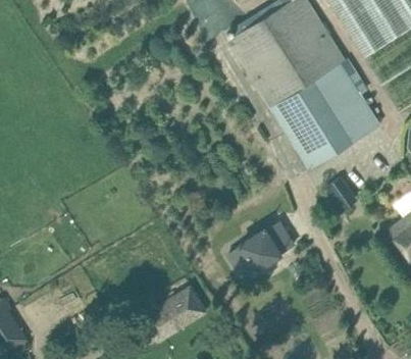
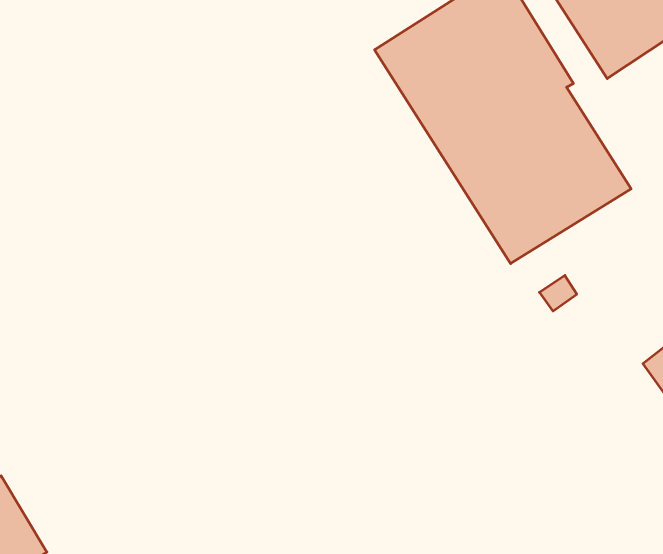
building: [229,221,293,276] -> none
building: [160,285,204,324] -> none

